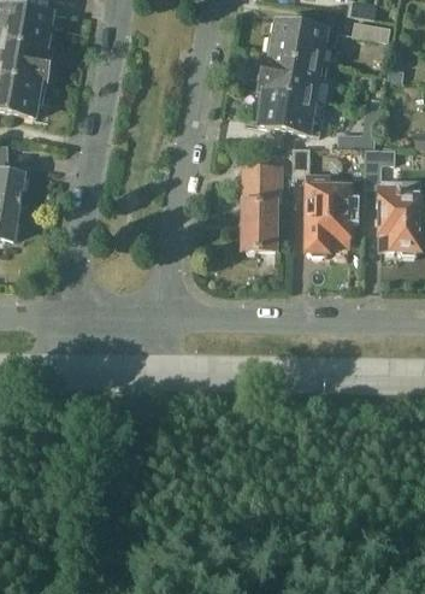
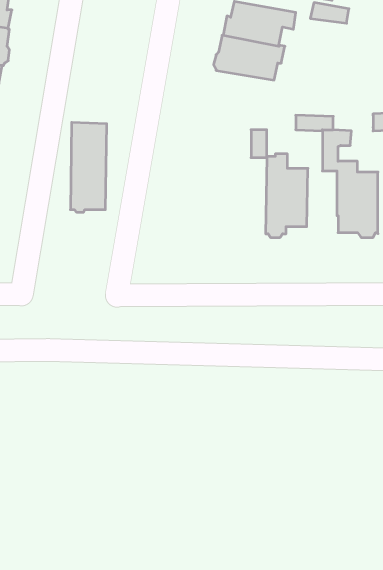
building: [255,88,325,135] -> none
building: [241,164,277,253] -> [70,122,107,212]

